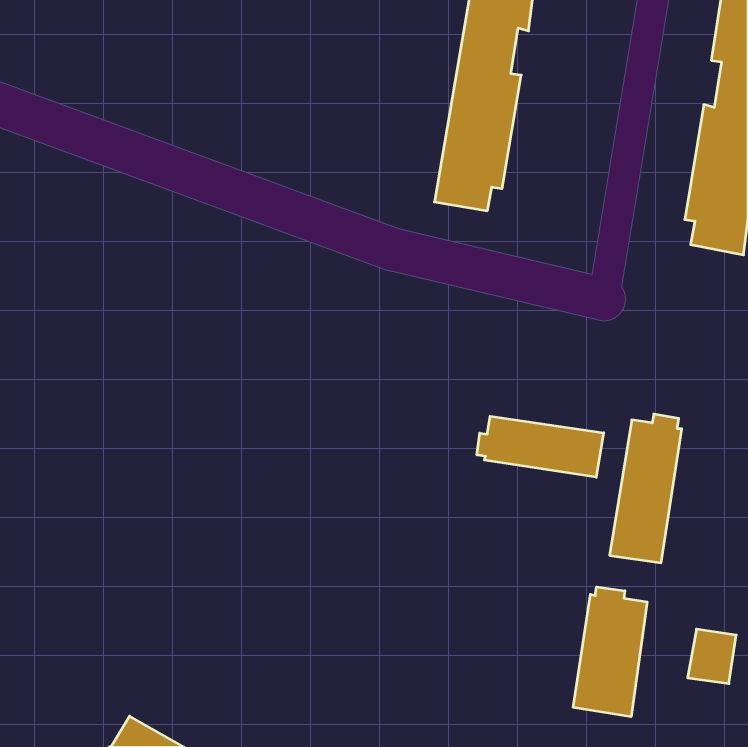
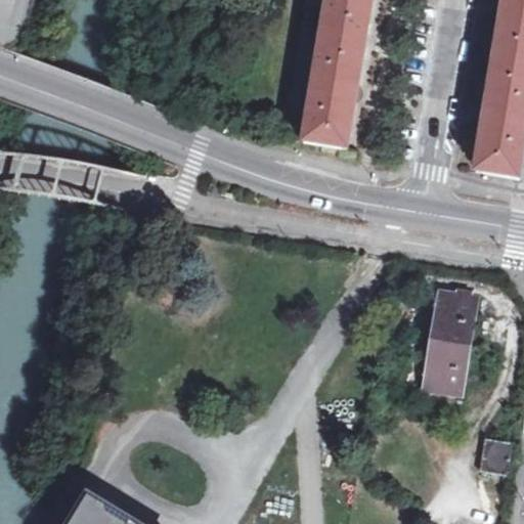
building: [477,416,604,477] -> none
building: [573,587,647,717] -> none

